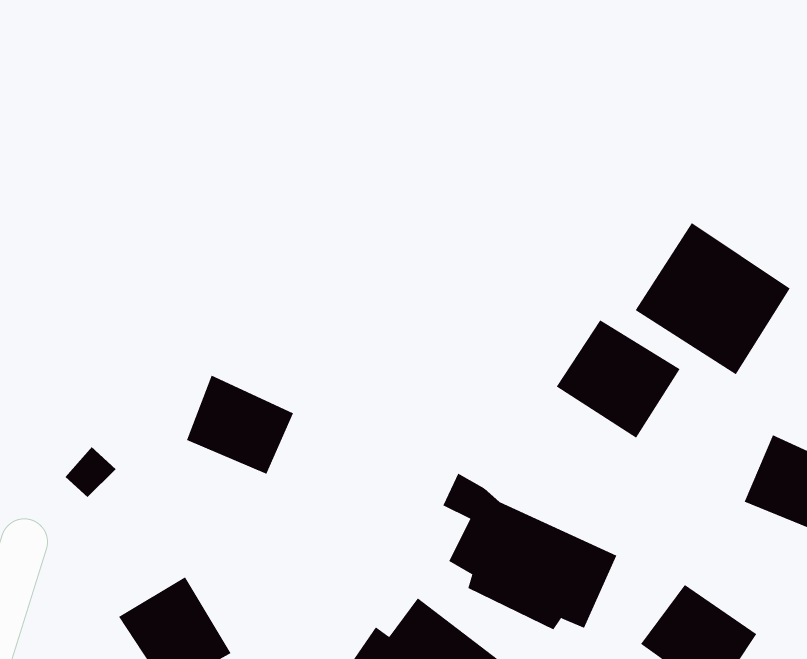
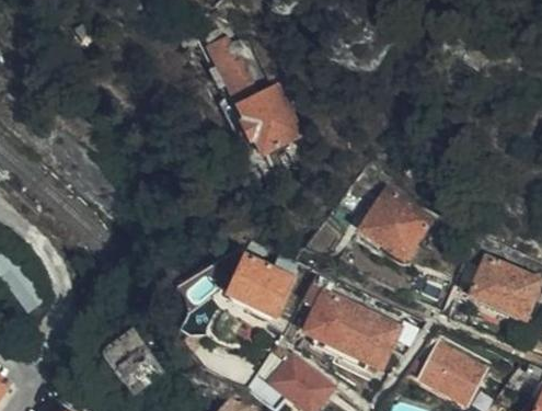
building: none -> [211,36,303,151]
building: [635,222,791,375] -> none
building: [186,375,294,475] -> [228,254,289,311]

